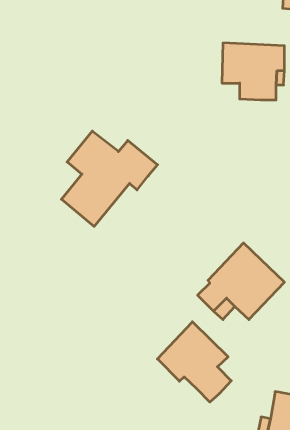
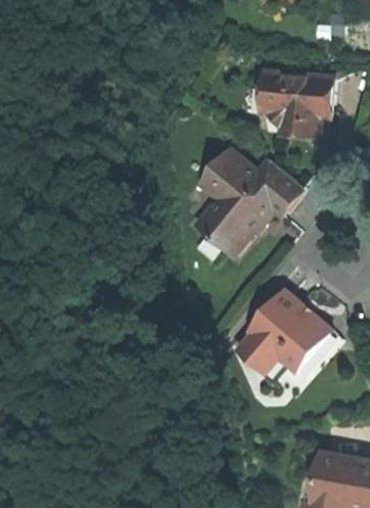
building: [61,131,158,226] -> [196,151,302,257]
building: [157,322,231,402] -> none

